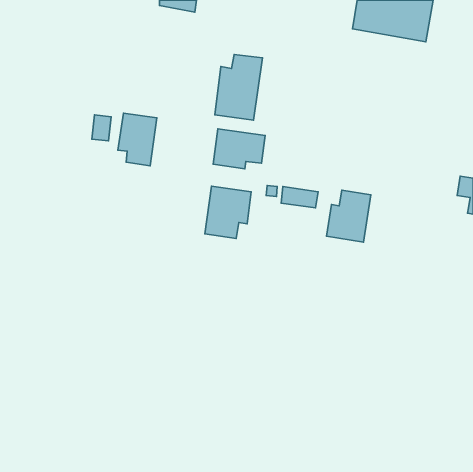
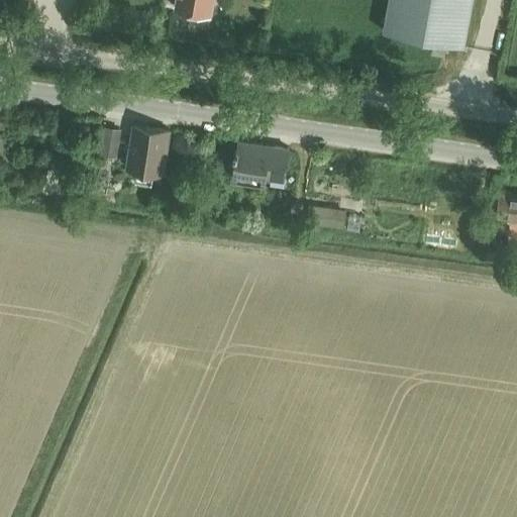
building: [215,54,262,120] -> none
building: [205,186,251,238] -> none
building: [327,190,371,242] -> none

